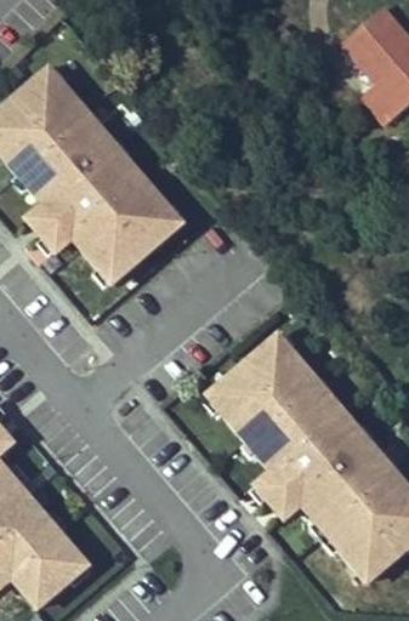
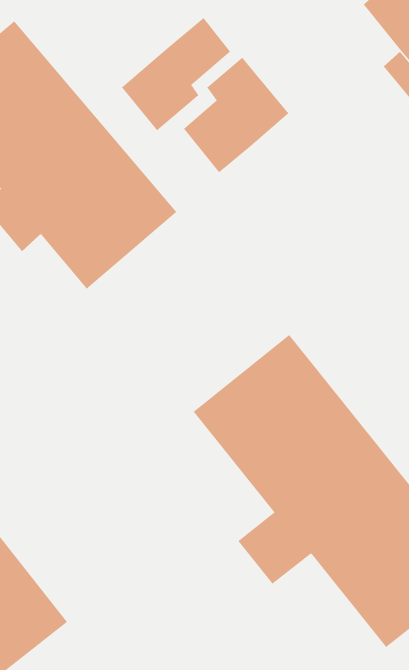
building: none -> [121,17,231,131]
building: none -> [183,57,289,173]

